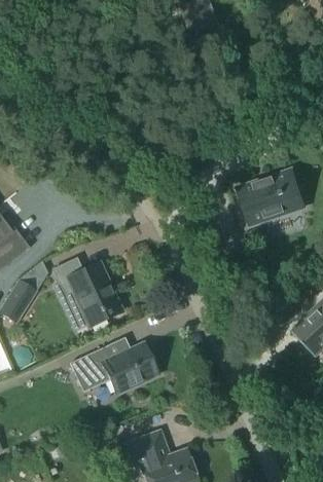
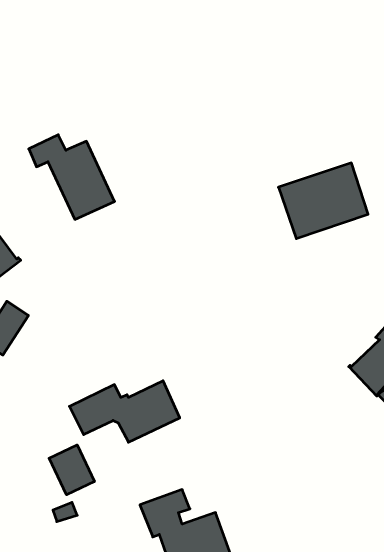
building: [52,257,121,325] -> [29,135,115,219]
building: none -> [49,445,94,495]

